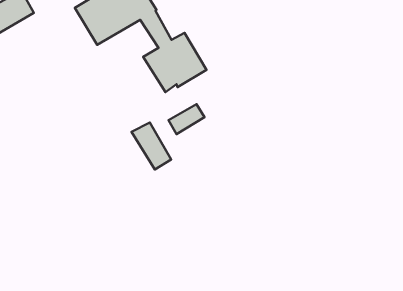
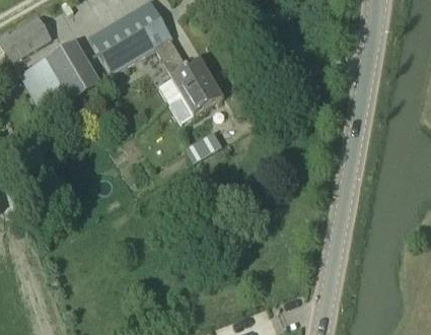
building: none -> [18,40,101,116]
building: [132,122,171,169] -> none

